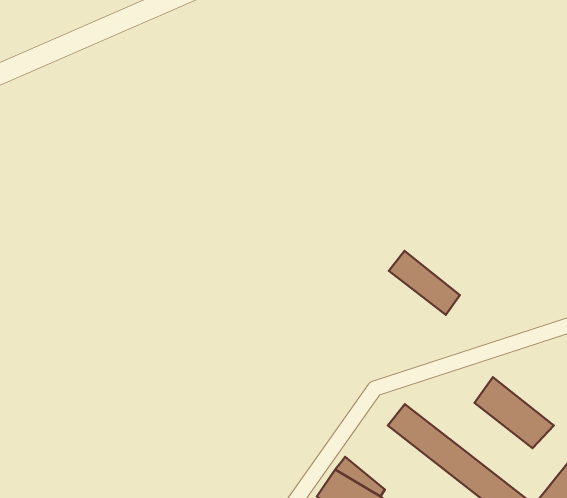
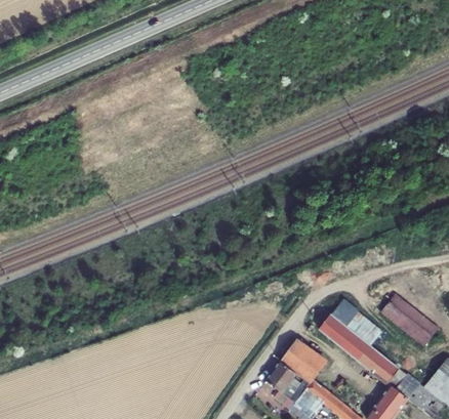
building: [389,251,460,315] -> [330,299,381,345]
building: none -> [287,338,326,375]

